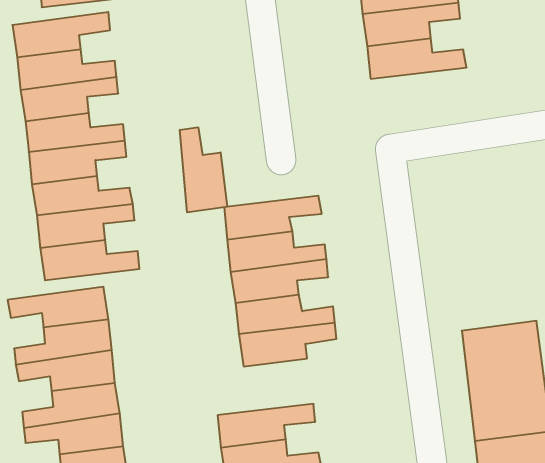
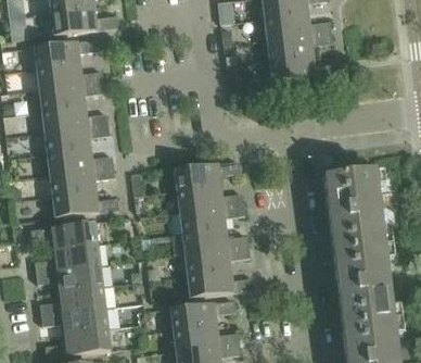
building: [180,127,227,212] -> none
building: none -> [323,168,383,250]
building: none -> [188,268,254,296]

